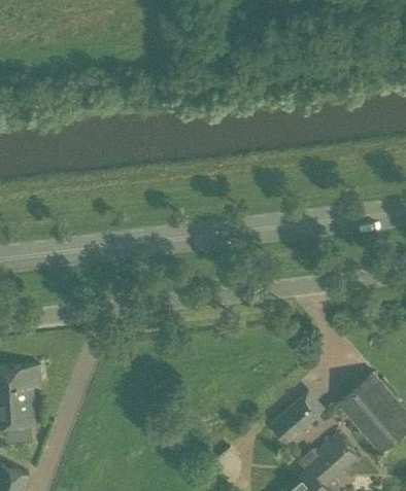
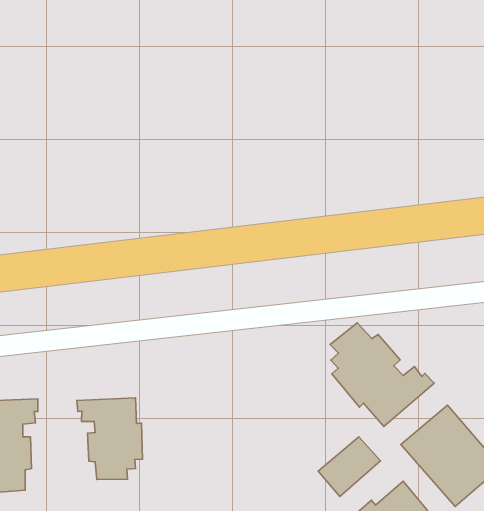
building: none -> [330,323,434,427]
building: none -> [77,398,142,480]

